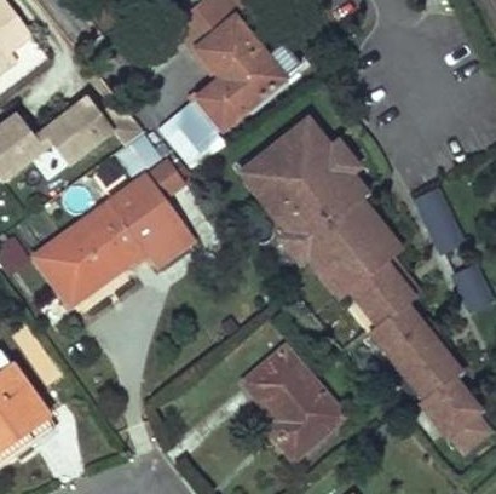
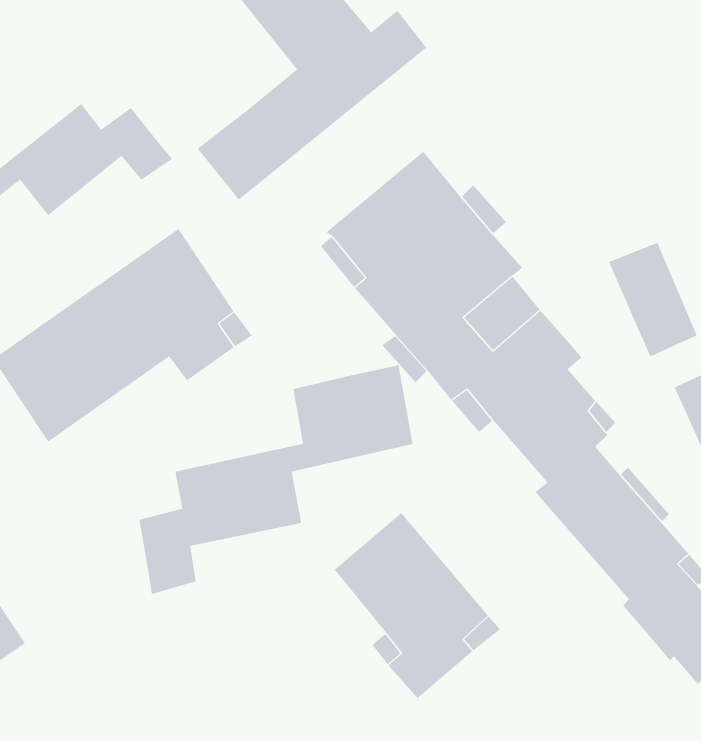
building: none -> [139,364,413,595]

